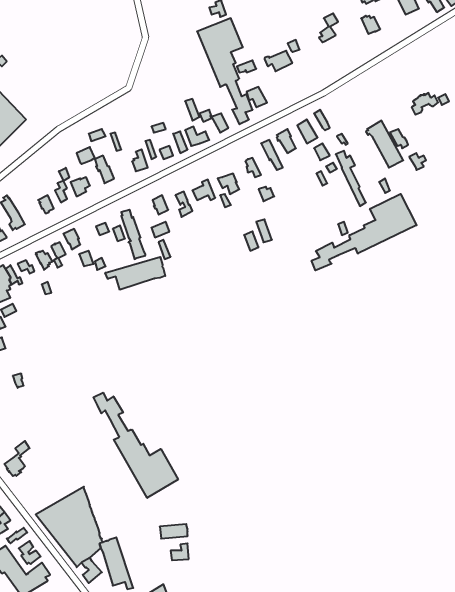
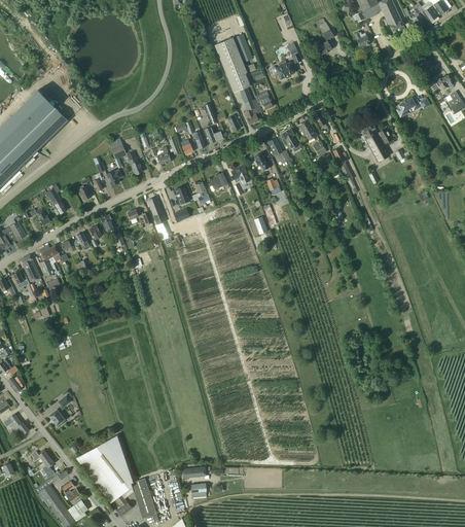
building: [312,194,417,270] -> none
building: [105,257,165,290] -> none
building: [93,393,178,498] -> none

